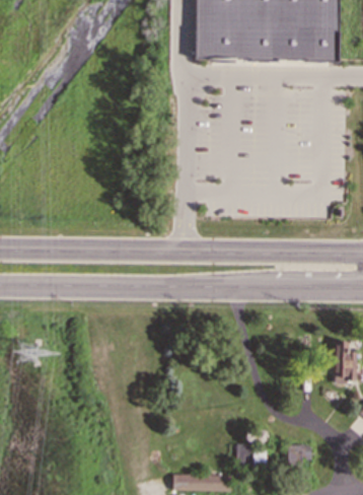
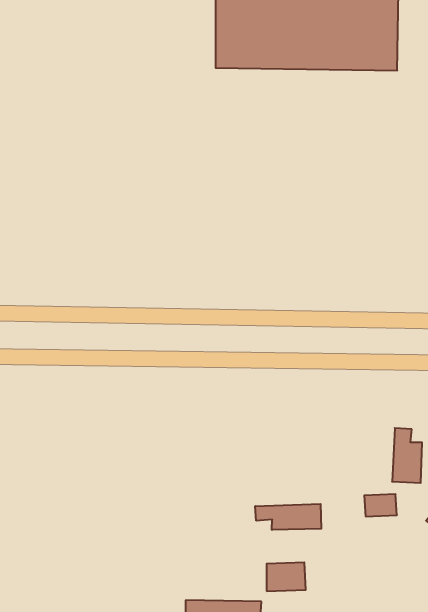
building: none -> [255,504,321,530]
building: [287,443,312,461] -> [364,494,397,516]

